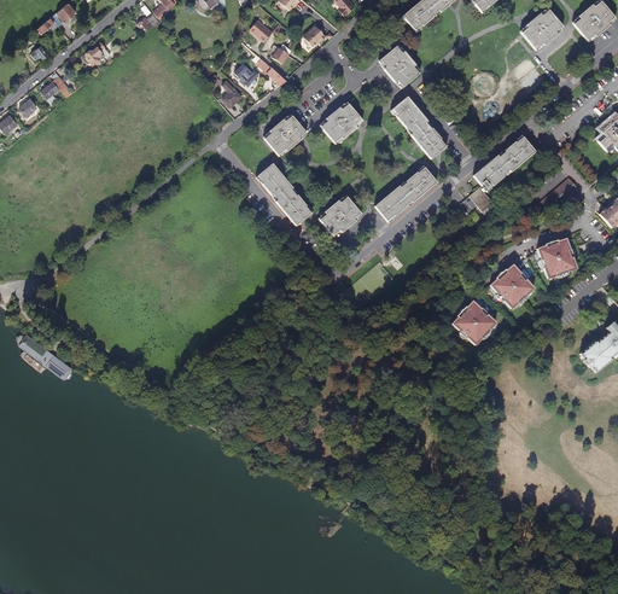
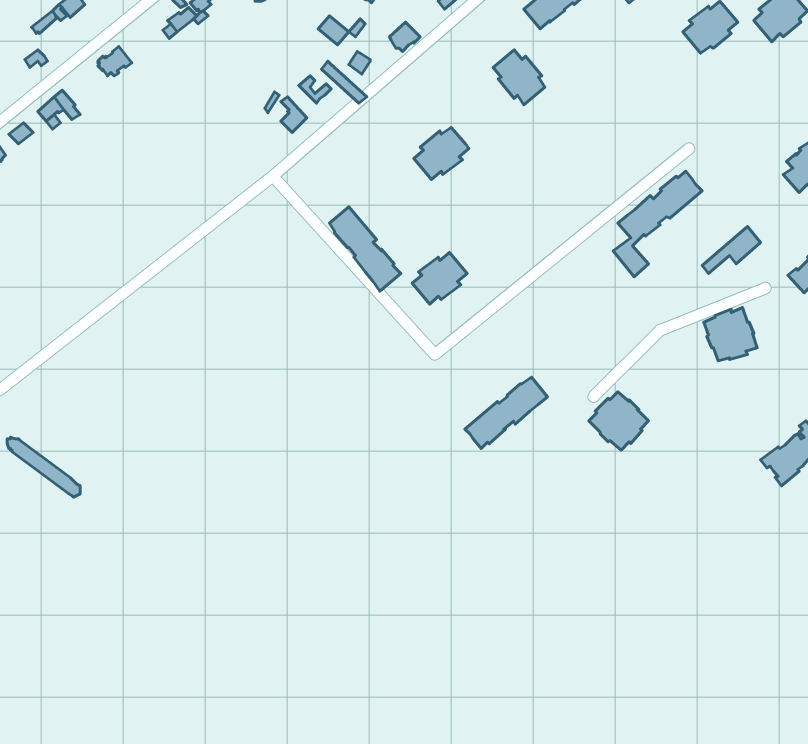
building: [392,97,447,158] -> none
building: [264,116,305,155] -> none
building: [375,168,437,221] -> [465,377,548,449]
building: [490,264,535,308] -> none

